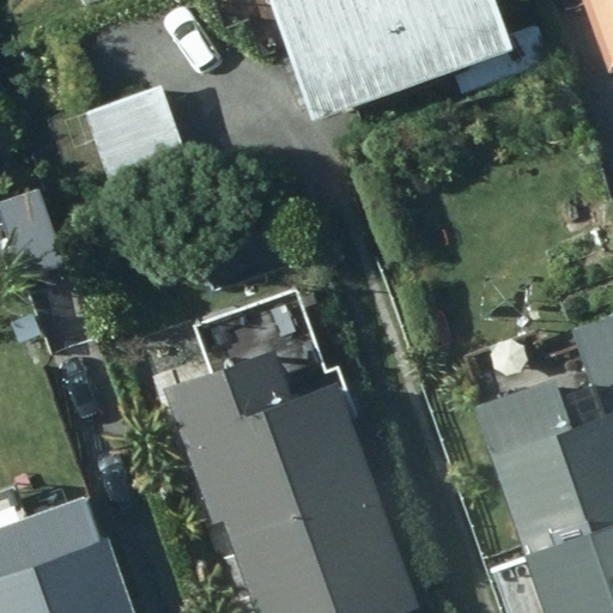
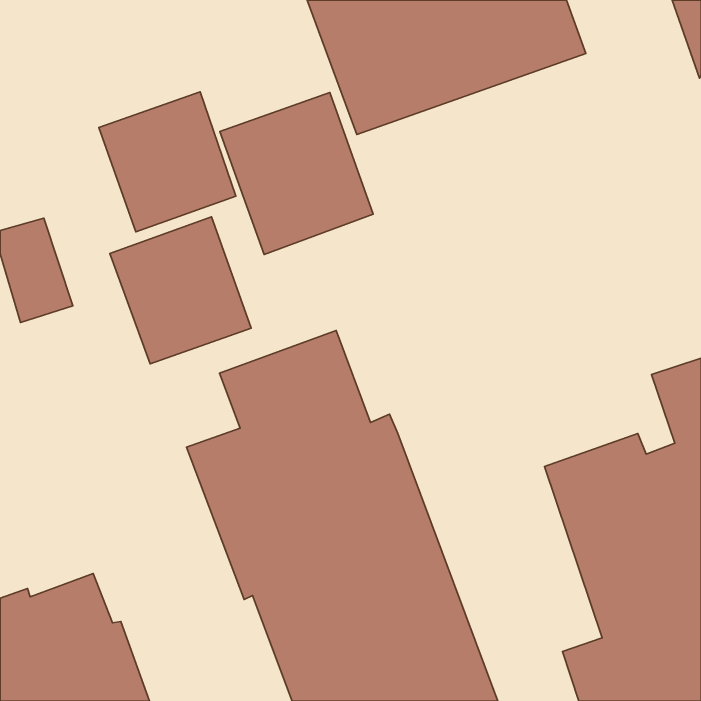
building: none -> [220,92,373,255]
building: none -> [110,217,251,364]

